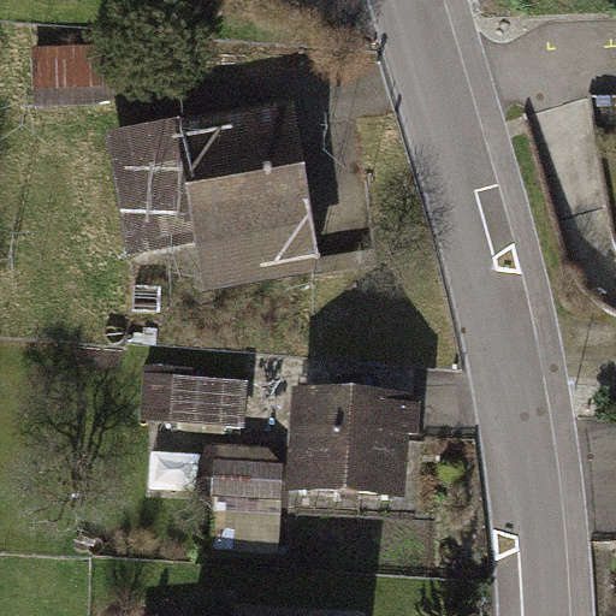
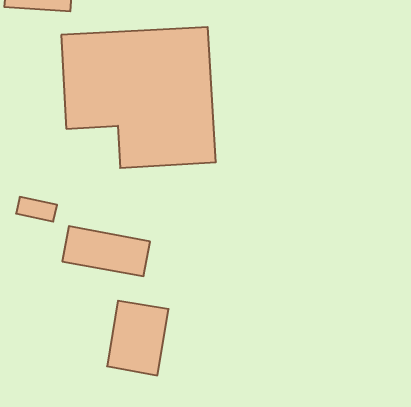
building: [284,389,416,494] -> none

